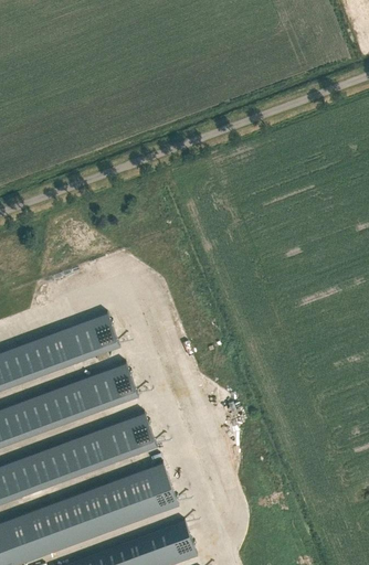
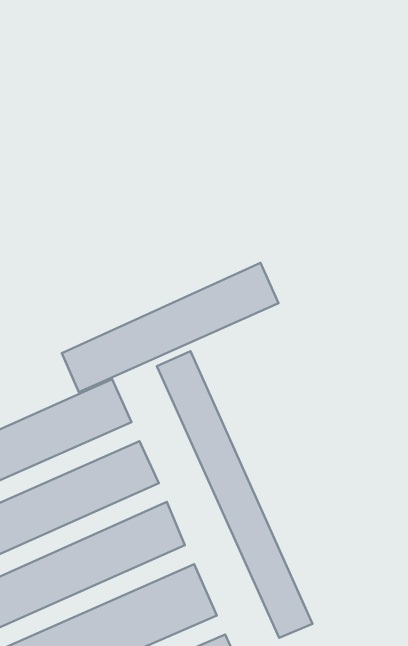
building: none -> [62,263,279,392]
building: none -> [157,351,312,638]

